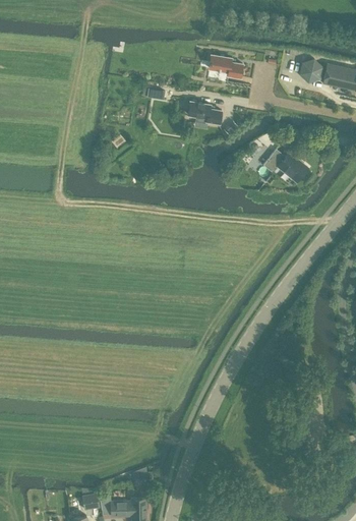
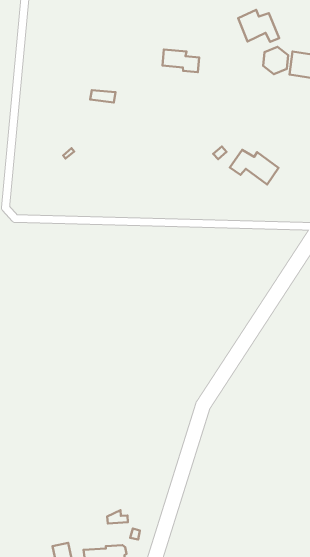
building: none -> [238,10,279,42]
building: [188,101,222,124] -> none

